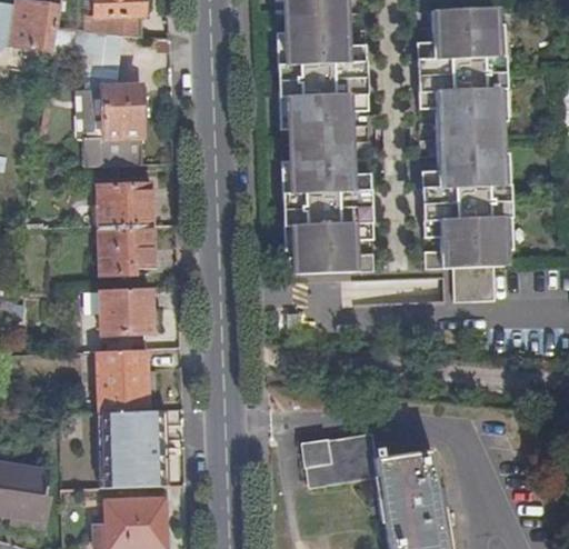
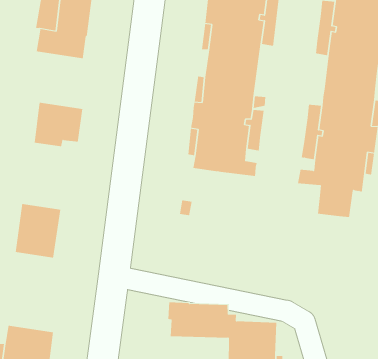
building: [97,184,152,226] -> none
building: [101,287,152,333] -> none
building: [102,409,163,487] -> none

